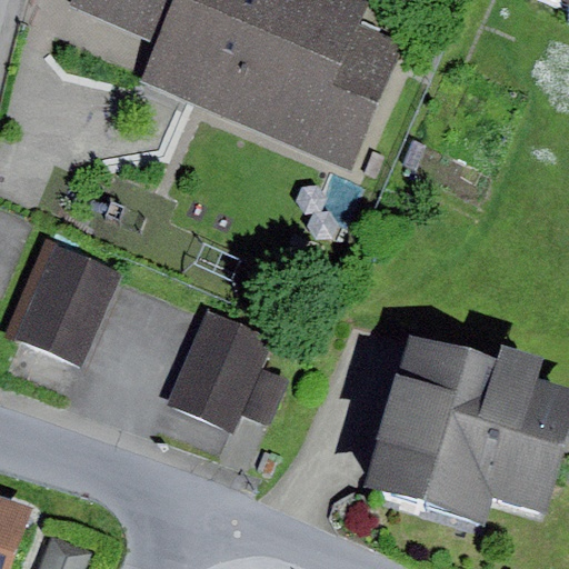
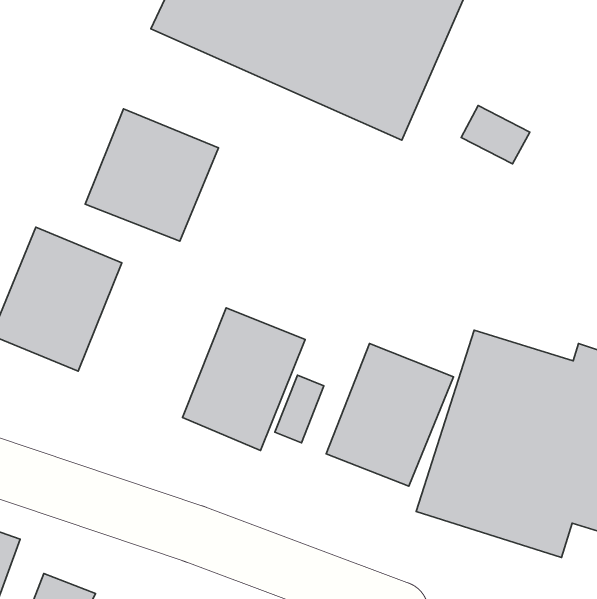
building: none -> [85,109,219,241]
building: none -> [326,343,453,486]

